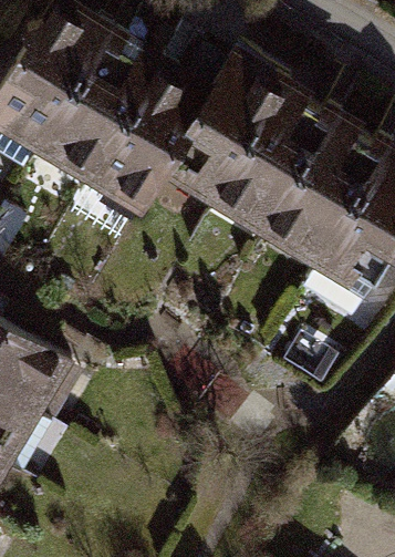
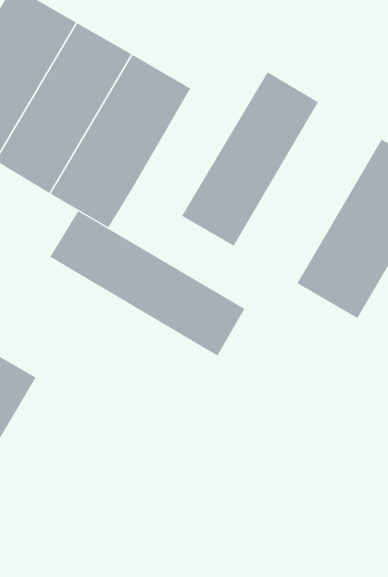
building: [163,51,283,207] -> none
building: [253,104,386,268] -> none
building: none -> [50,210,245,357]

